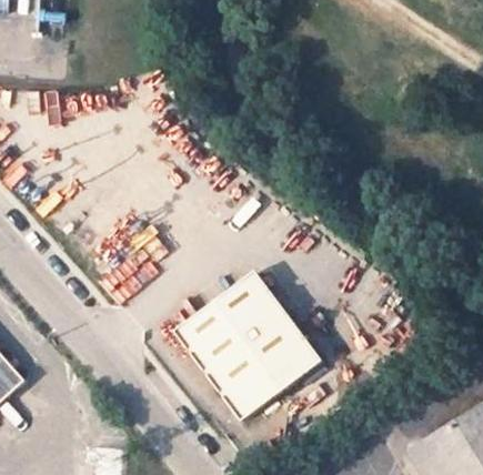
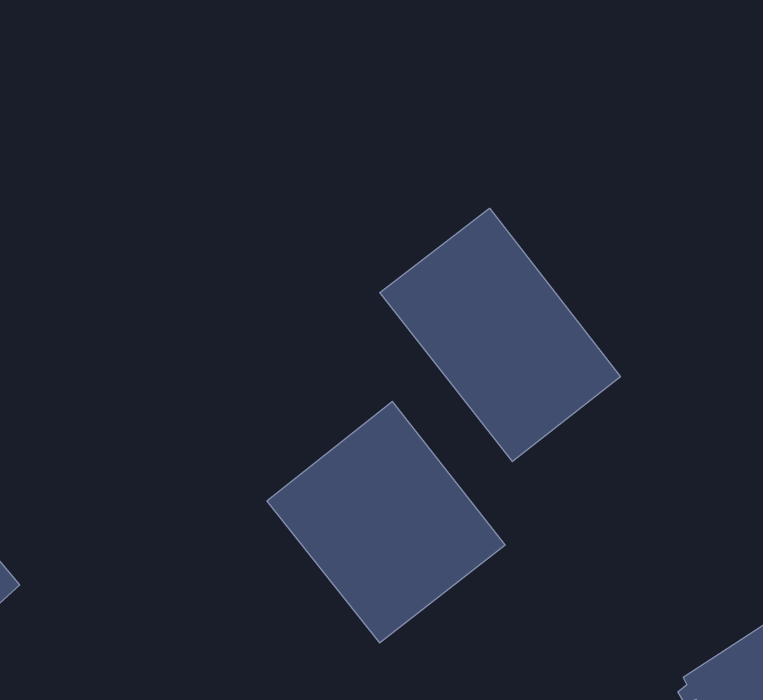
building: none -> [380,208,620,462]

